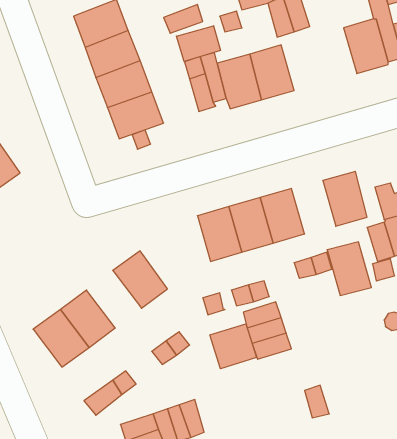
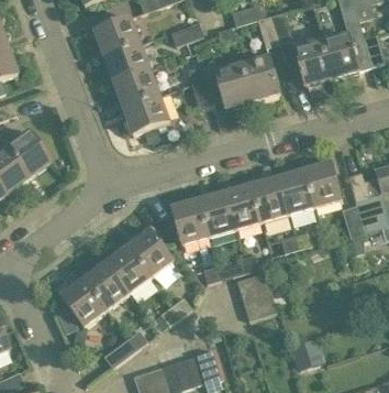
building: [176,26,221,61] -> none
building: none -> [294,41,333,86]
building: none -> [171,199,210,244]
building: [327,242,371,295] -> [278,170,315,215]
building: none -> [105,245,152,294]
building: [210,324,257,369] -> none

